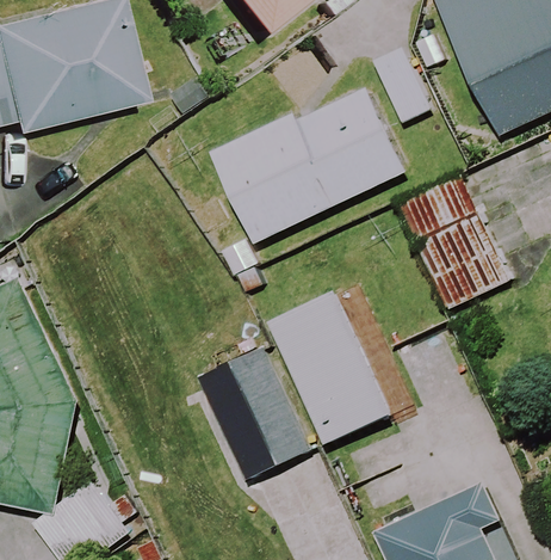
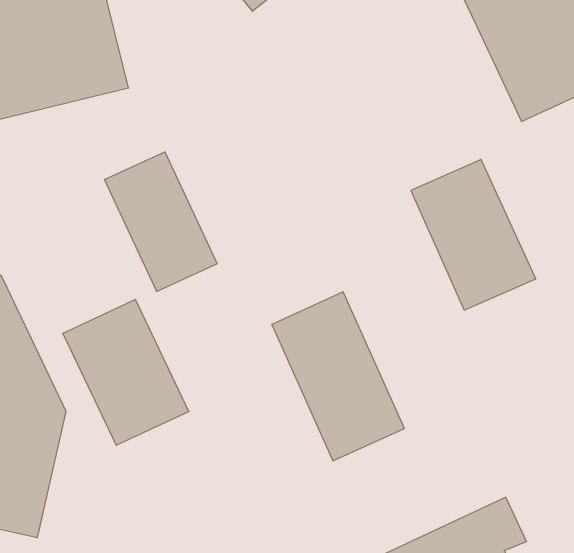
building: [210,87,407,244] -> none
building: none -> [104,152,217,292]
building: [197,346,312,480] -> [63,300,189,445]

